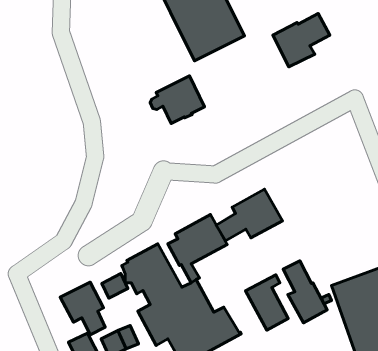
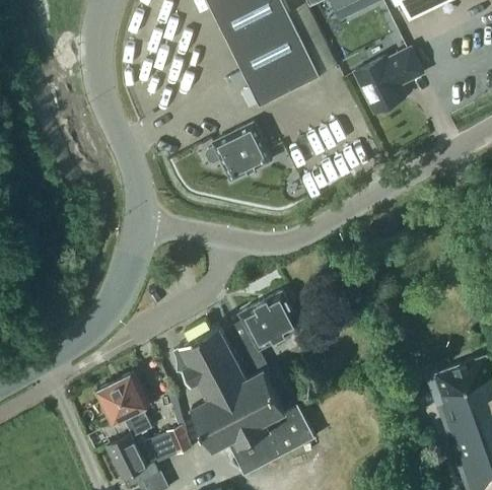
building: [216,189,283,241] -> none
building: [283,261,327,323] -> none
building: [102,274,128,298] -> none
building: [246,275,288,330] -> none

